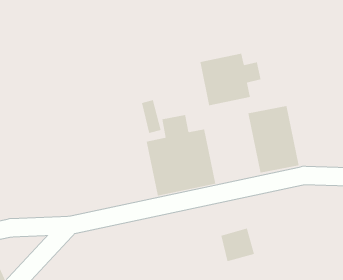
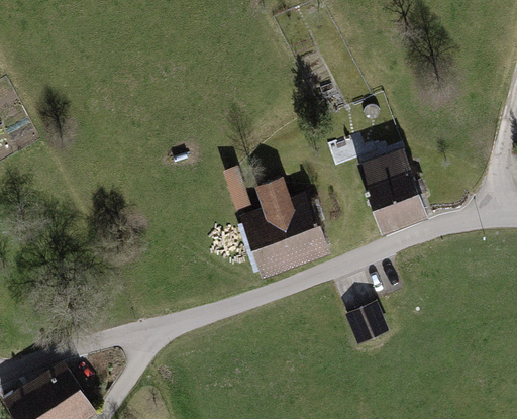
building: [200,53,261,106] -> none

